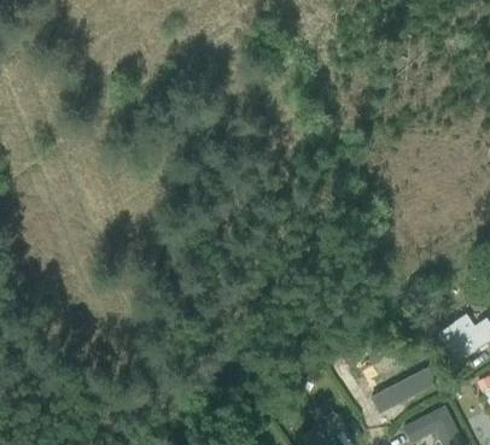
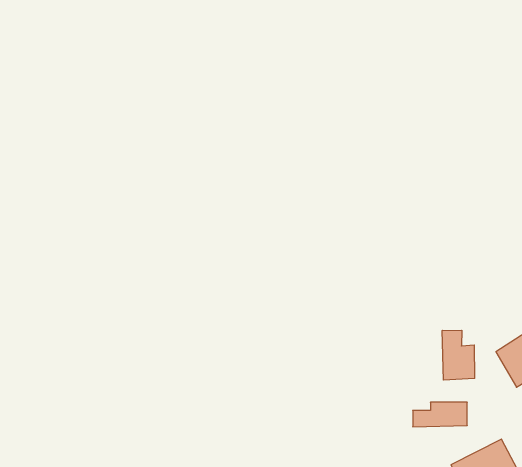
building: none -> [442,330,475,380]

